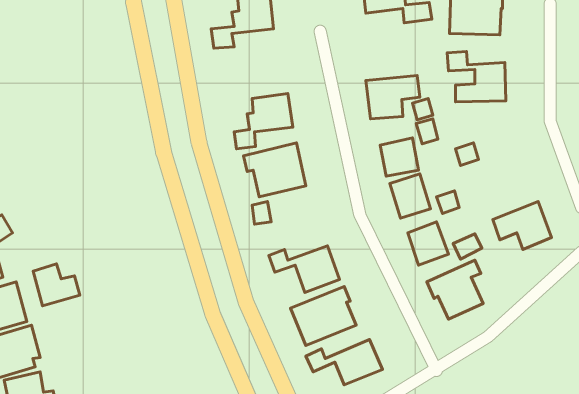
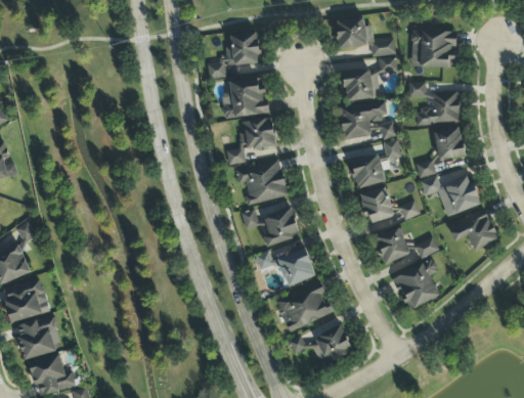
building: none -> [344,56,396,100]
building: none -> [222,77,266,118]
building: none -> [433,126,465,160]
building: none -> [420,175,479,215]
building: none -> [263,207,300,246]
building: [33,264,80,306] -> none

